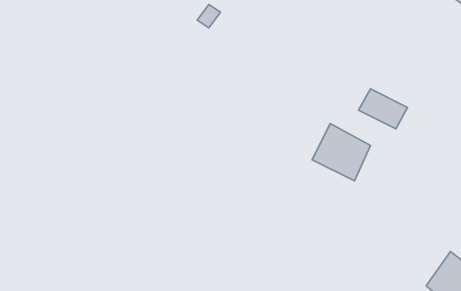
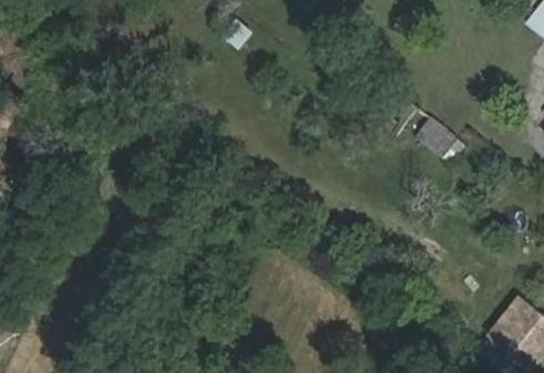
building: [312,123,371,181] -> none

